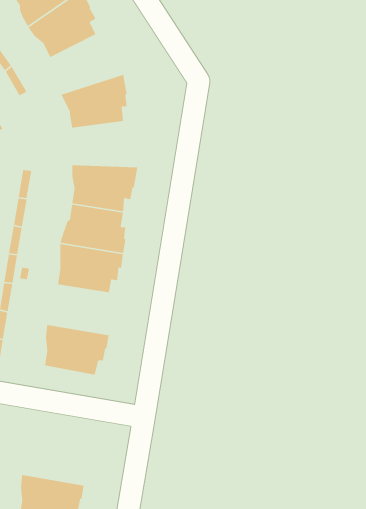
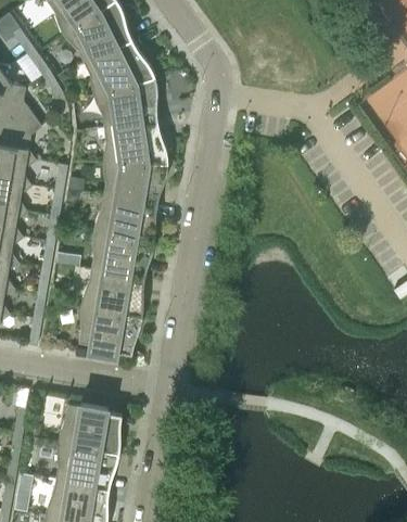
building: none -> [84,40,151,94]
building: none -> [103,119,164,161]
building: none -> [80,268,141,314]
building: none -> [58,404,118,450]

